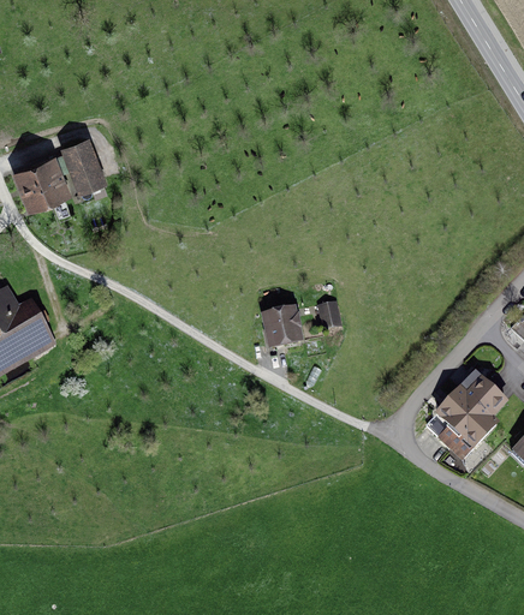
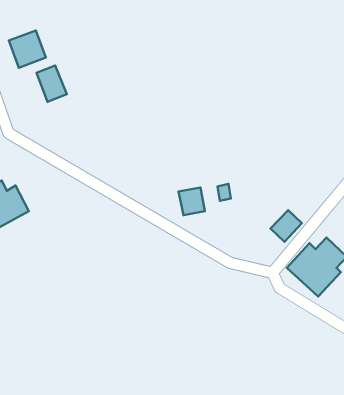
building: [16,154,69,207] -> [9,30,46,68]
building: none -> [270,210,302,242]

